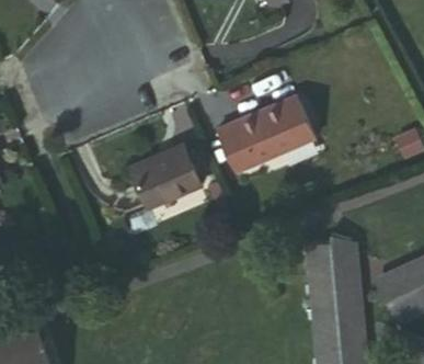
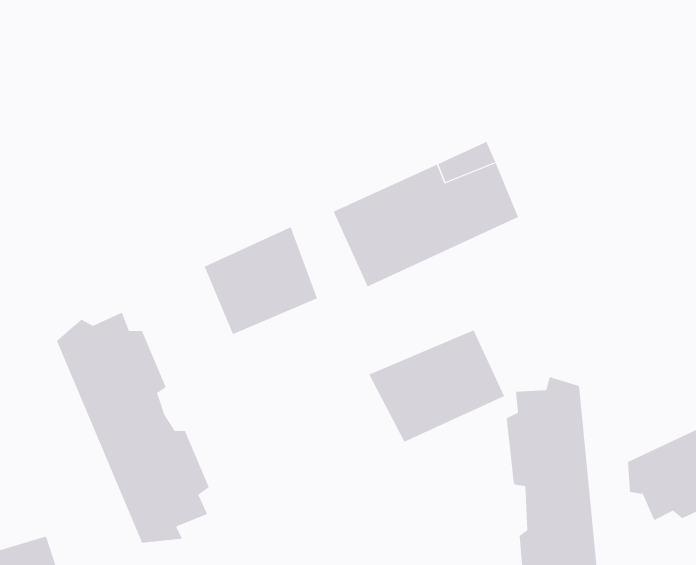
building: none -> [56,312,209,543]
building: none -> [368,329,505,442]

